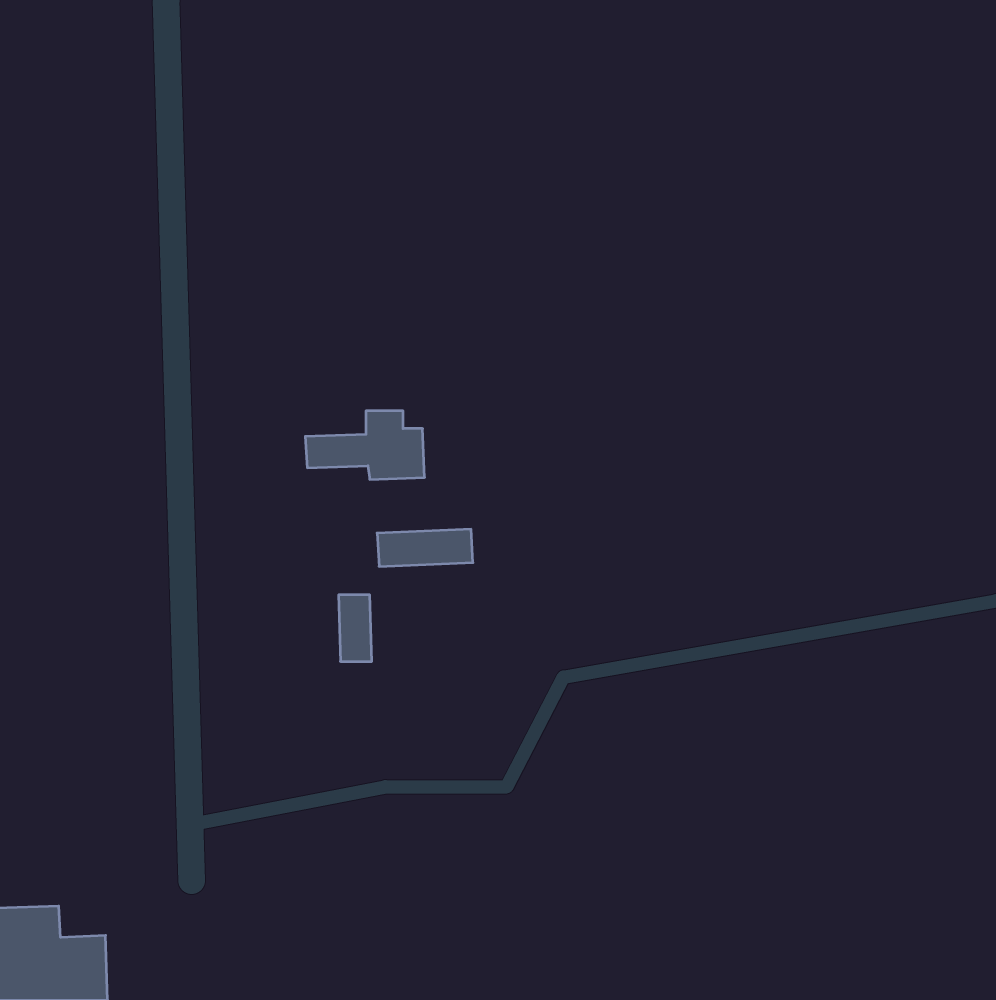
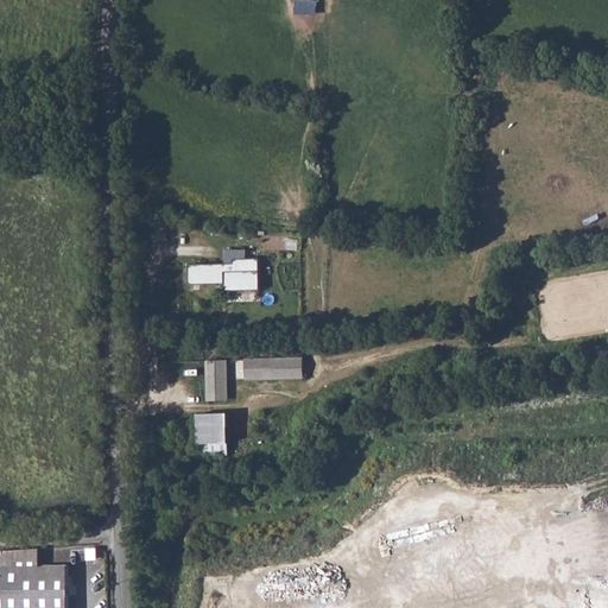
building: [377,529,473,566] -> [243,357,302,380]
building: none -> [196,414,226,445]

